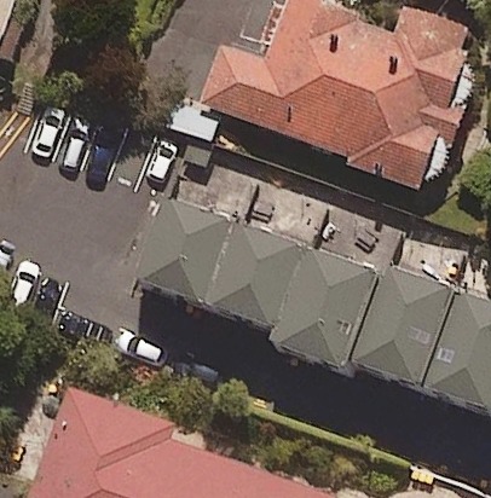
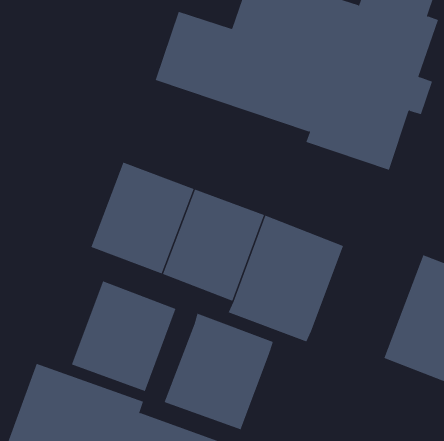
building: [342,254,451,382] -> none
building: none -> [71,281,176,392]
building: none -> [164,313,273,430]

